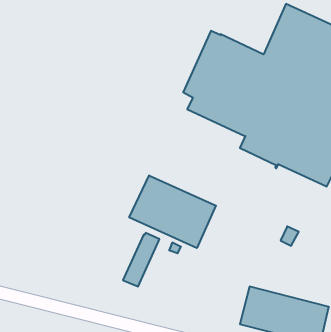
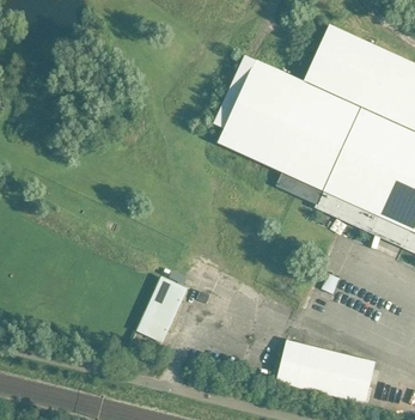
building: [129,175,216,248] -> none

